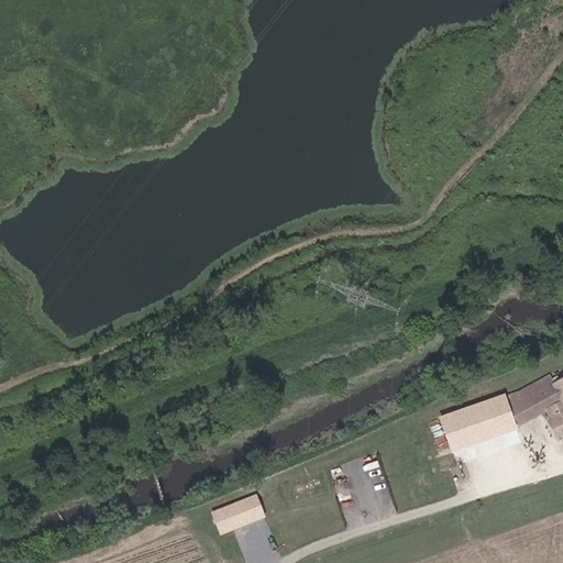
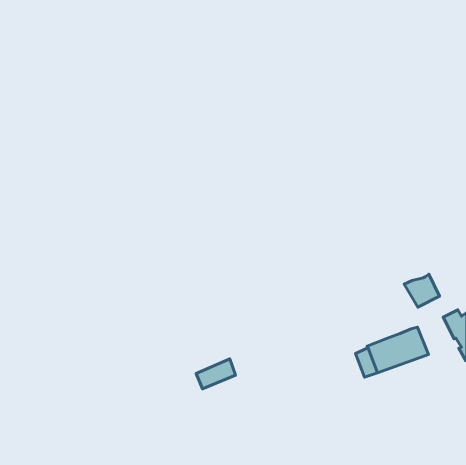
building: [505,382,548,421] -> [404,274,440,307]
building: [217,496,264,532] -> [196,359,235,389]

